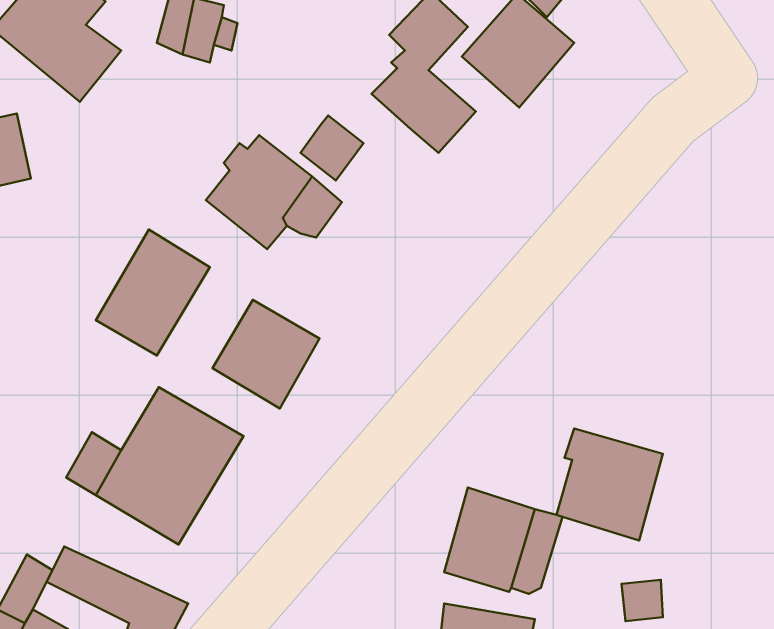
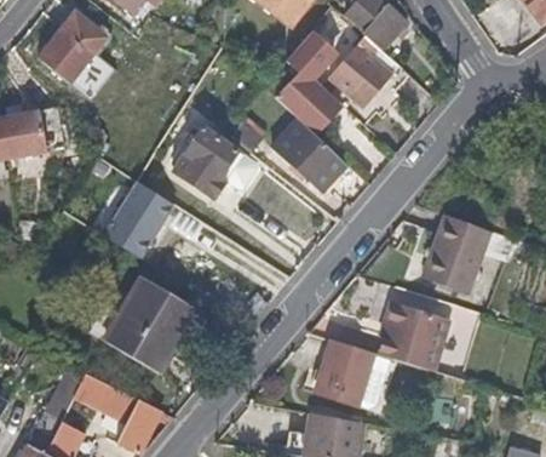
building: none -> [271,119,344,189]
building: none -> [426,213,495,293]
building: [213,300,319,409] -> none

